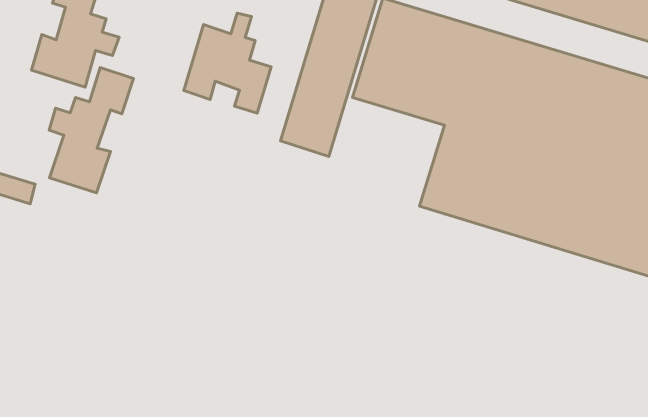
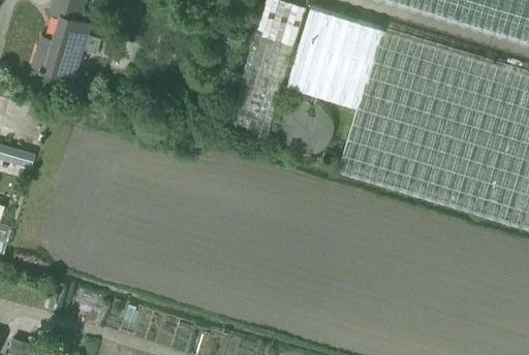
building: [184,13,271,113] -> none
building: [49,68,133,193] -> none

